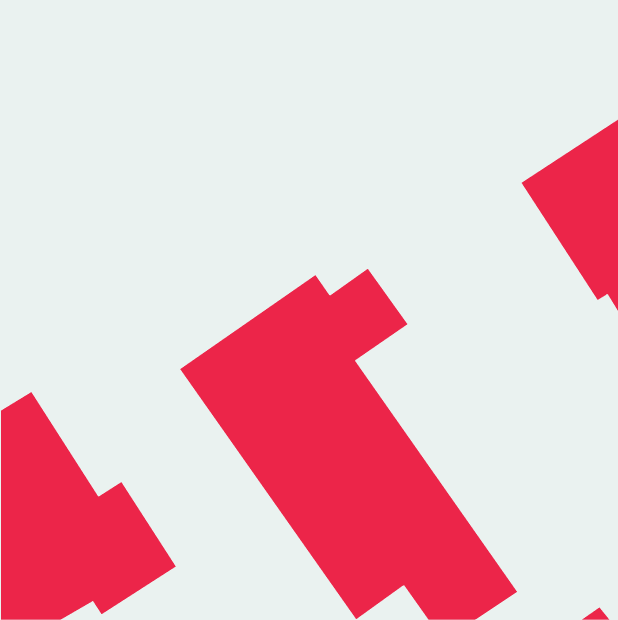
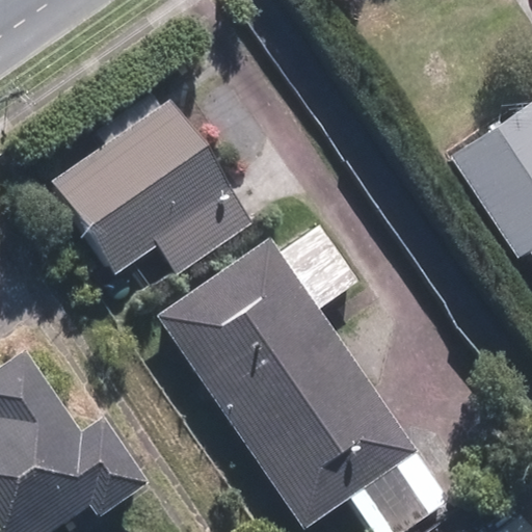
building: none -> [51,86,248,274]

